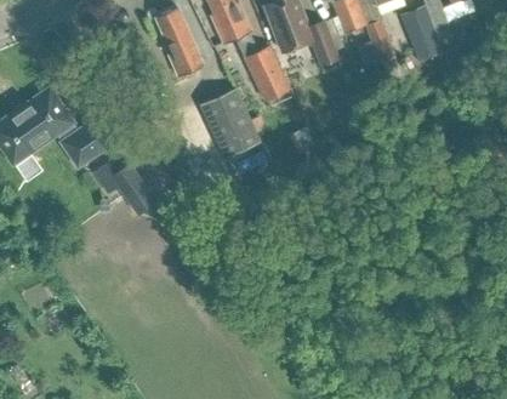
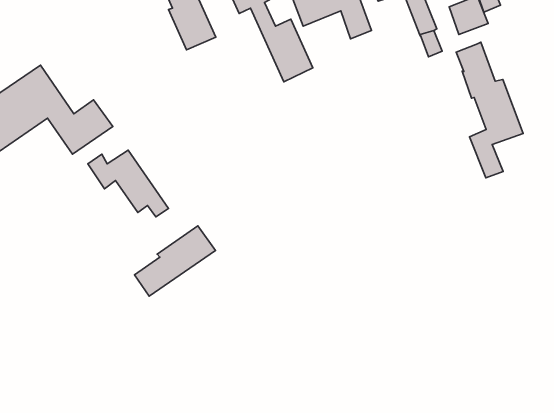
building: none -> [456,42,523,178]
building: [200,87,261,156] -> none
building: none -> [134,226,215,296]

